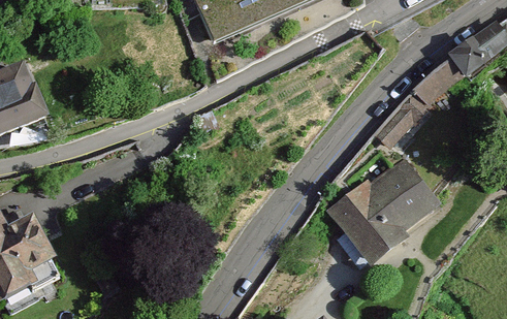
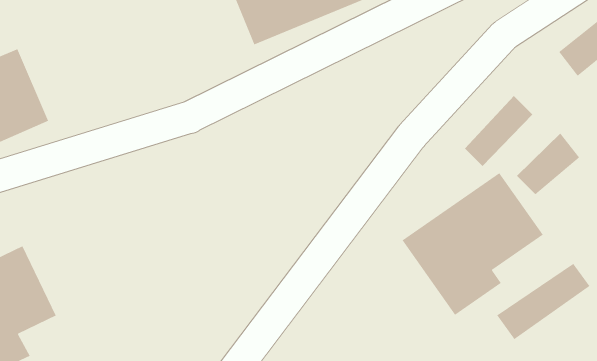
building: [416,57,467,106] -> [516,133,580,195]
building: none -> [496,263,590,340]

